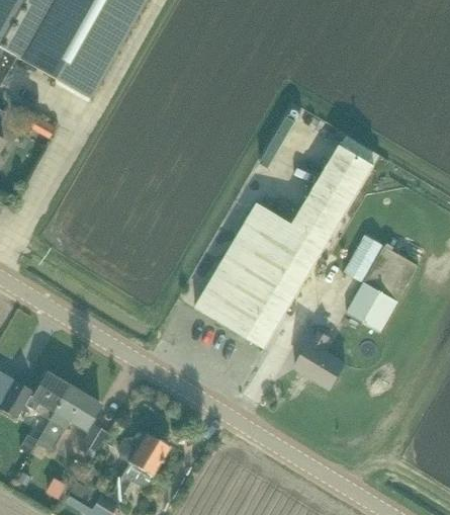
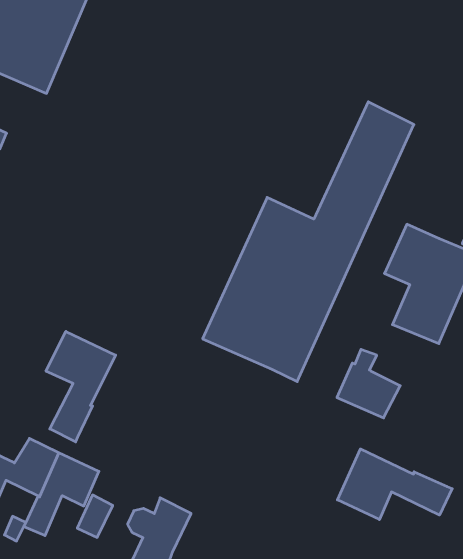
building: none -> [46,331,116,442]
building: none -> [337,449,452,520]

